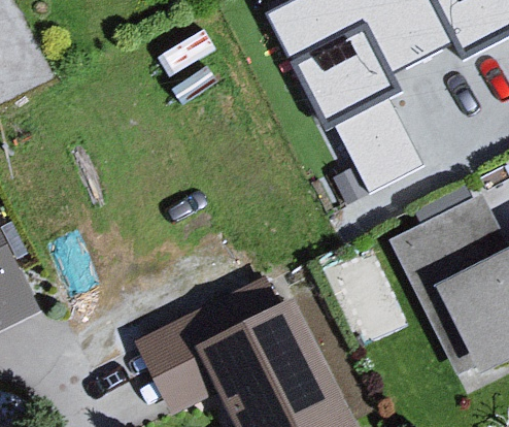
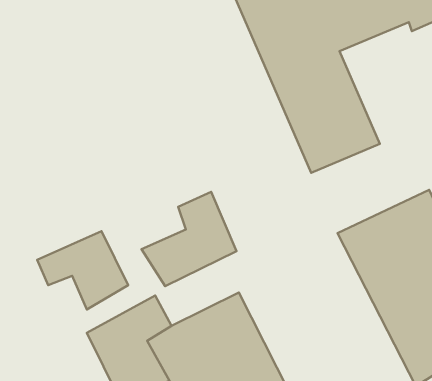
building: none -> [142,192,237,286]
building: none -> [37,231,128,310]

